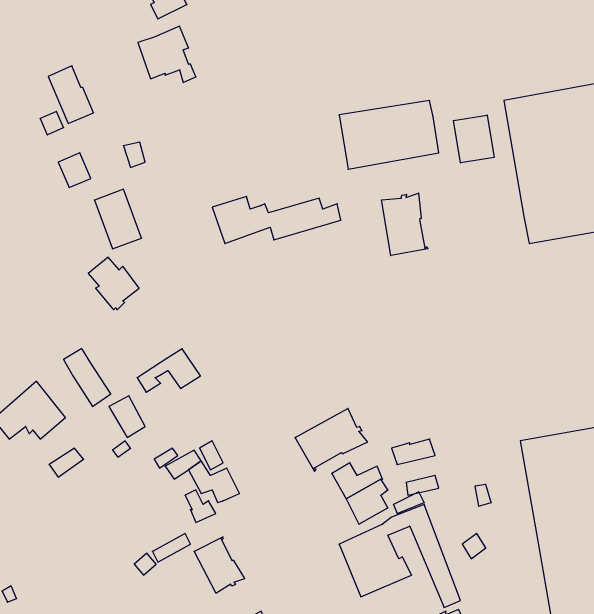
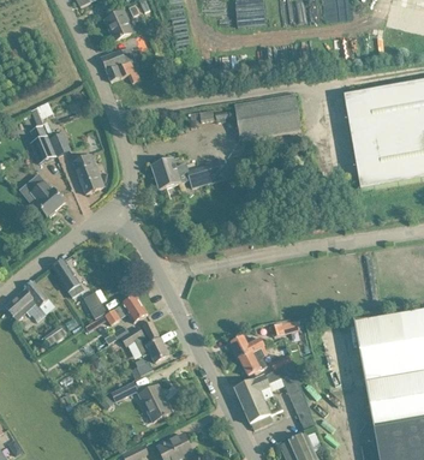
building: [48,66,94,124] -> [26,121,56,160]
building: [453,115,494,163] -> none
building: [382,193,428,256] -> none
building: [88,257,139,310] -> [31,181,65,216]
building: [137,349,200,392] -> [106,295,148,324]
building: [295,408,367,471] -> none

